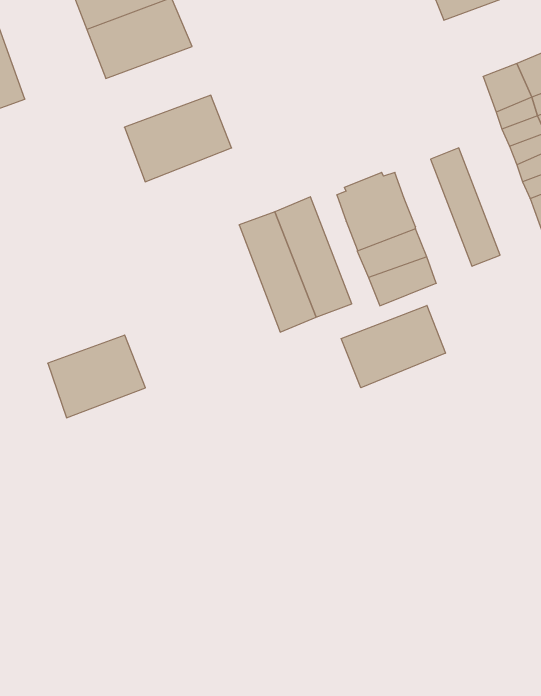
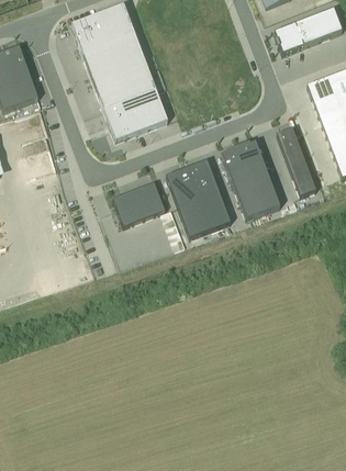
building: none -> [86,67,147,114]
building: [341,305,445,388] -> none
building: [48,335,145,418] -> [109,182,166,231]

